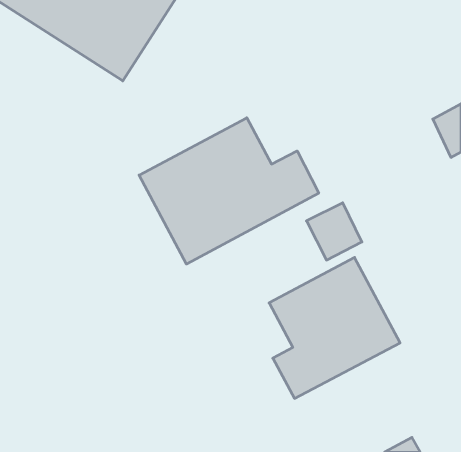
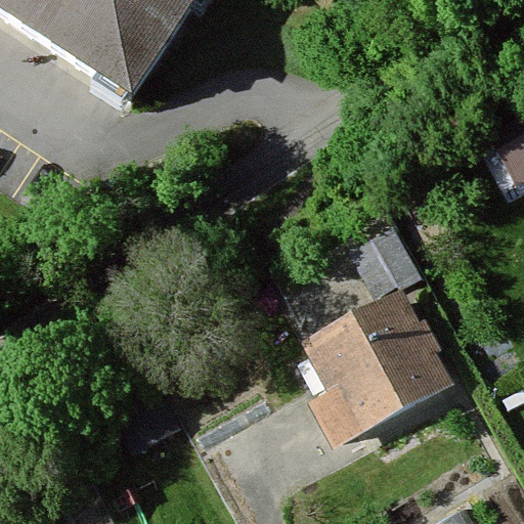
building: [139,118,319,264] -> none

